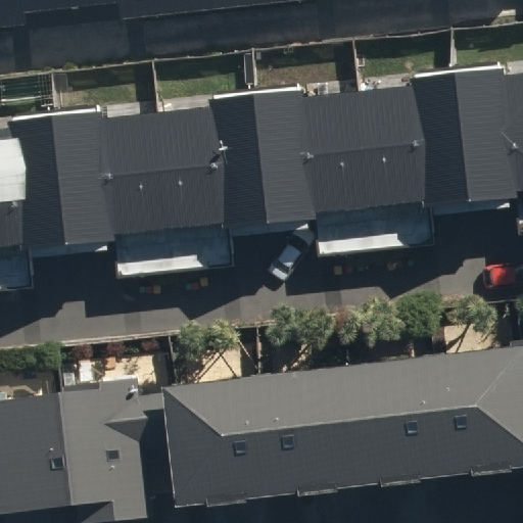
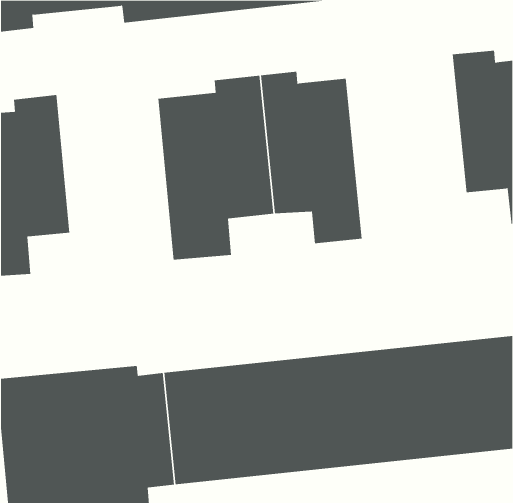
building: [352,65,474,253] -> none
building: [58,102,176,280] -> none

